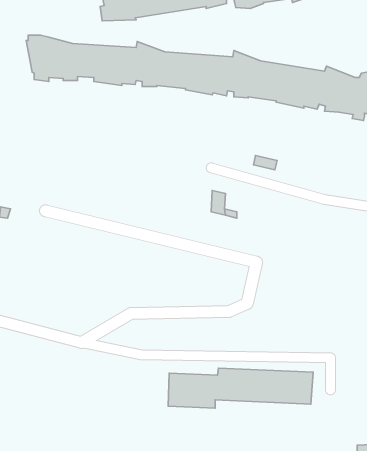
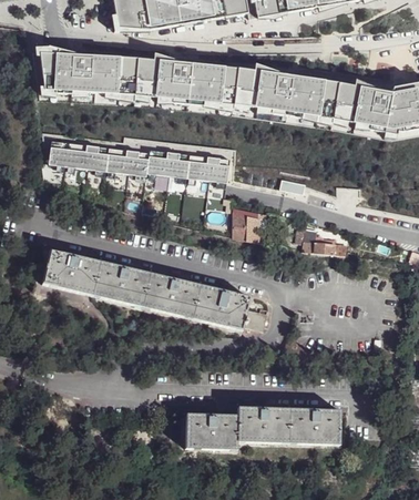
building: none -> [52,136,232,187]
building: none -> [305,228,349,256]
building: none -> [42,247,268,328]

